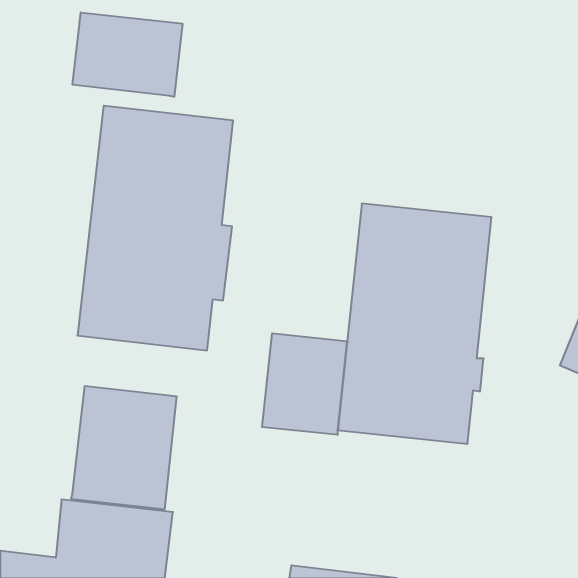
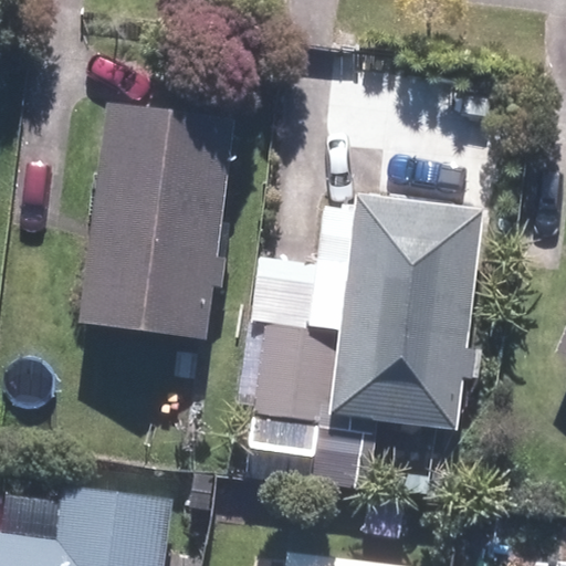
building: [73,12,182,97] -> none
building: [71,386,177,510] -> none

